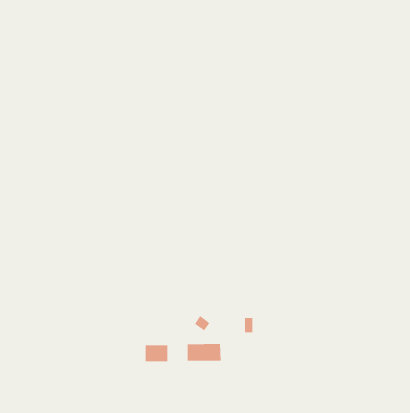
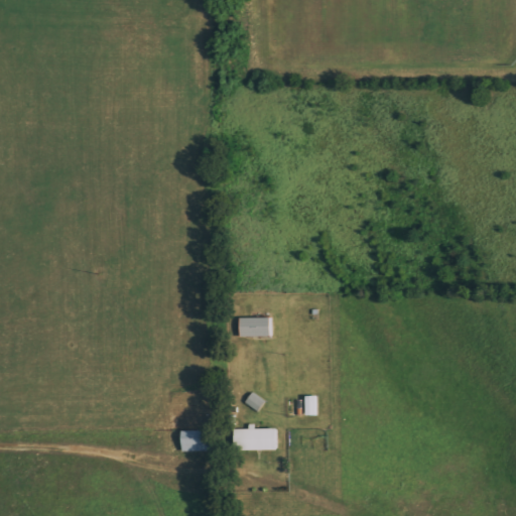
building: none -> [238,317,269,338]

